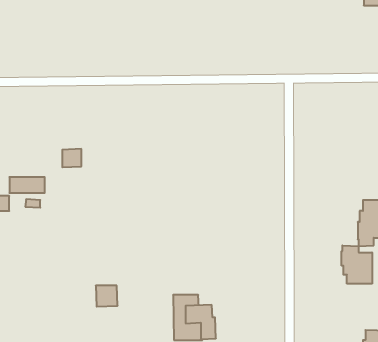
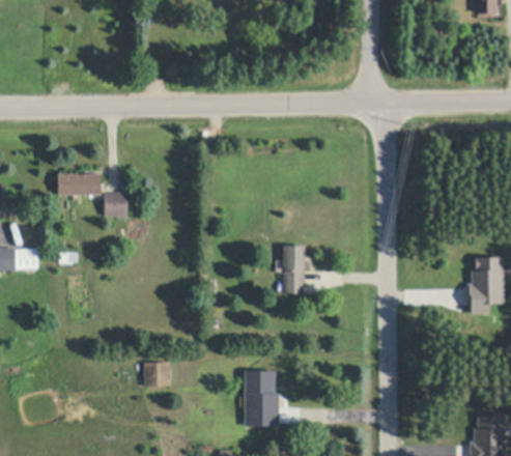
building: [9,177,45,193] -> [57,175,101,195]
building: none -> [283,244,304,293]
building: [342,245,372,284] -> none

